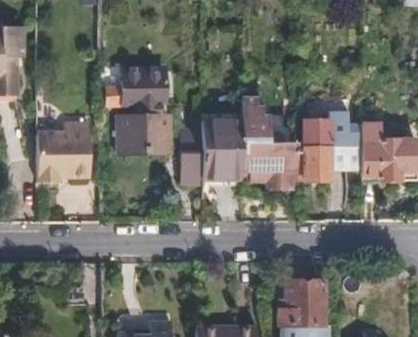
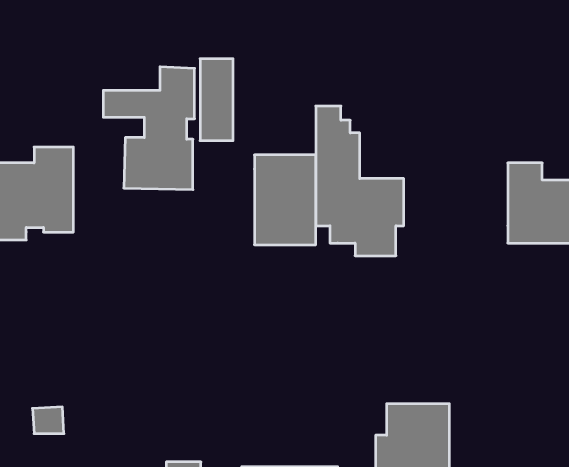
building: [298,118,364,185] -> none
building: [182,135,203,187] -> [200,59,233,141]

